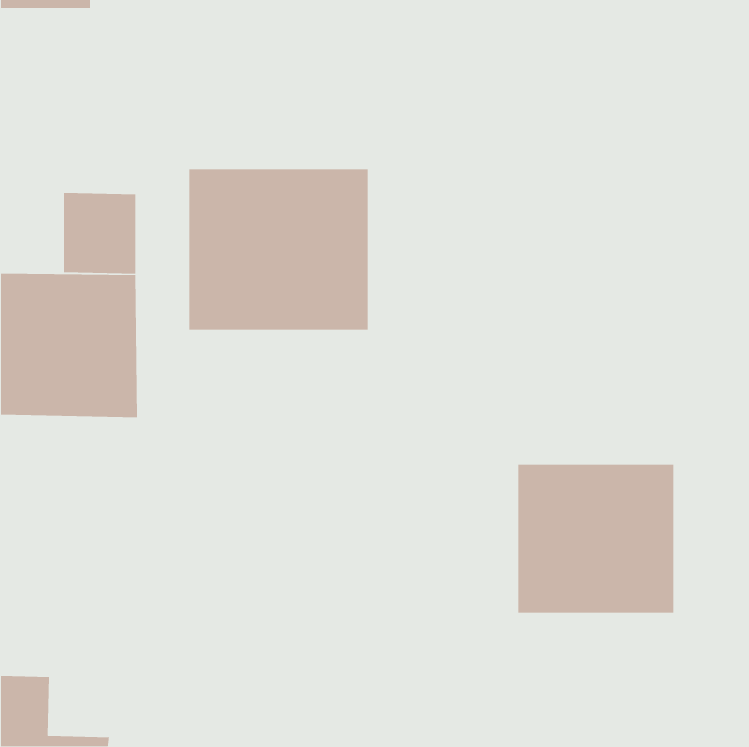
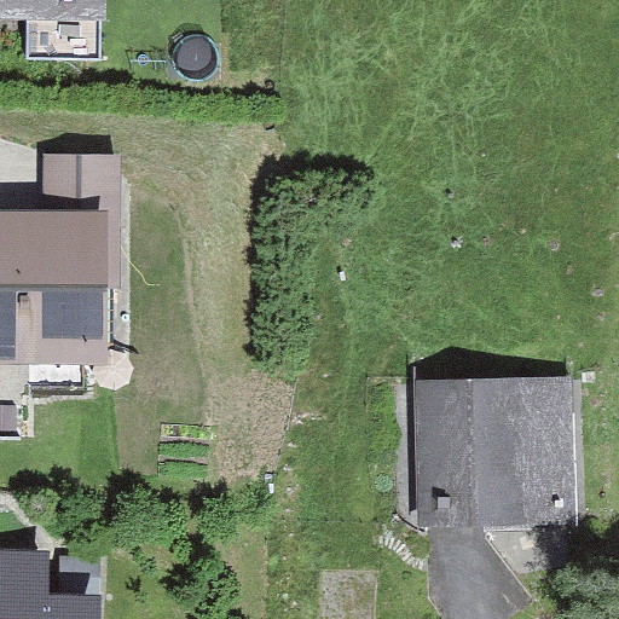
building: [189,168,368,330] -> none

